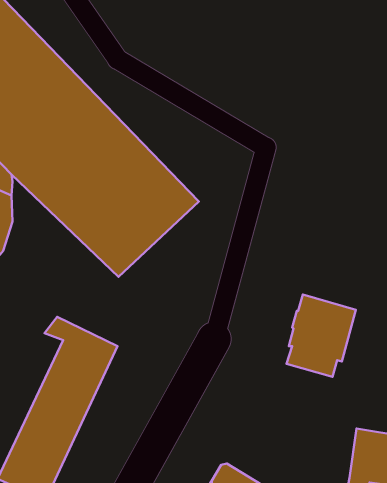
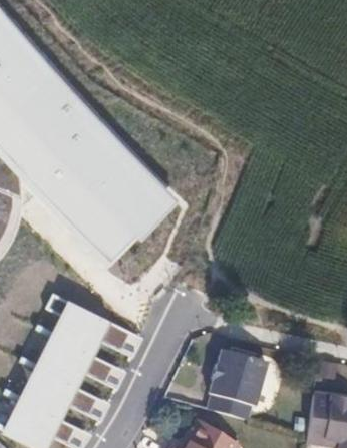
building: [286,294,356,377] -> [205,346,264,416]

